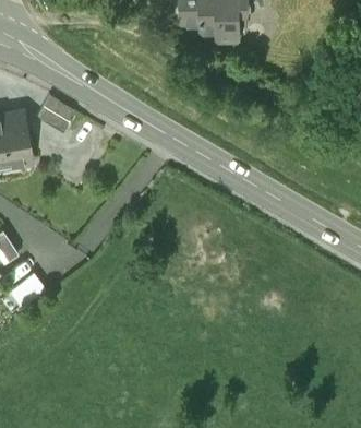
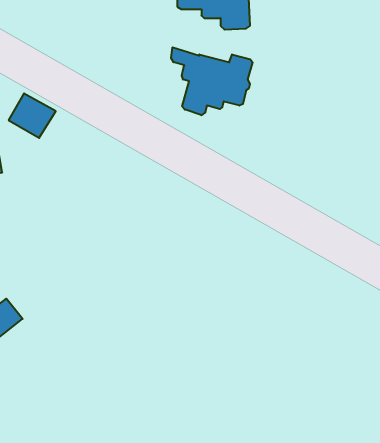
building: none -> [171,47,253,115]

